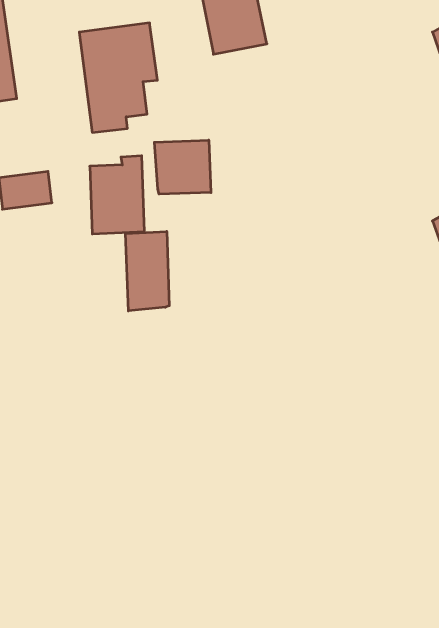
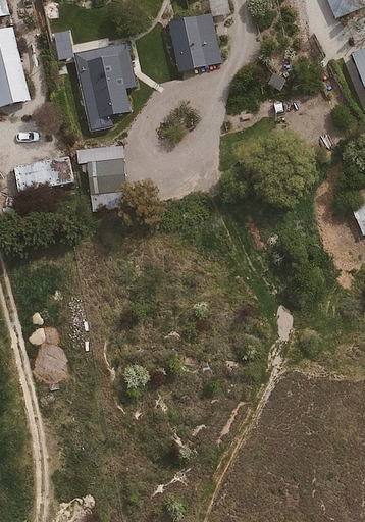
building: [154,140,211,194] -> none
building: [125,231,169,311] -> none

